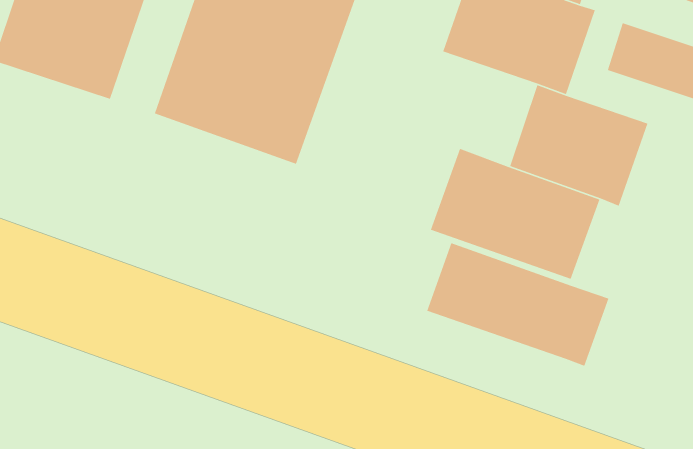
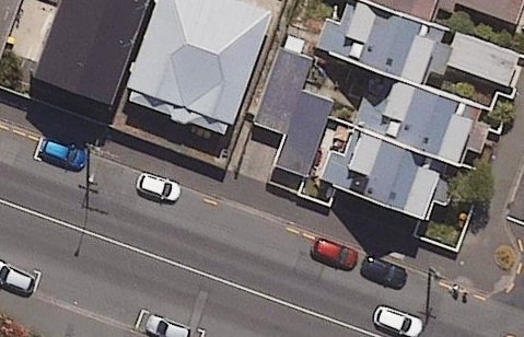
building: none -> [255,45,335,175]
building: [426,242,610,367] -> none

